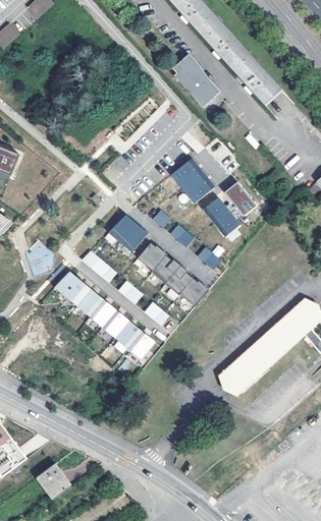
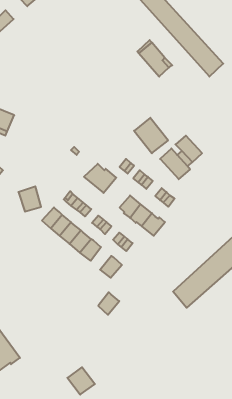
building: [137,241,166,270] -> none
building: [115,320,142,348] -> [98,292,119,315]
building: [36,463,70,498] -> [67,367,95,395]

